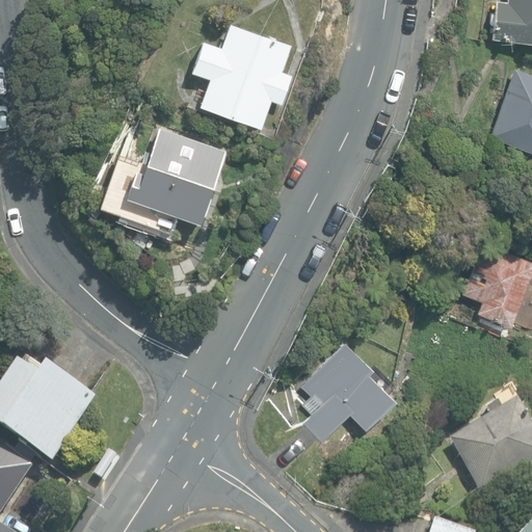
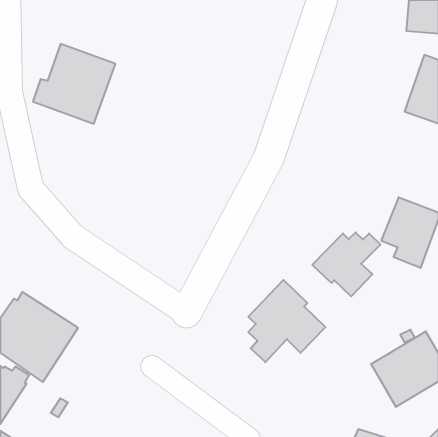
building: [192,23,292,130] -> none
building: [127,127,227,223] -> [33,44,115,124]
building: none -> [312,232,380,296]

